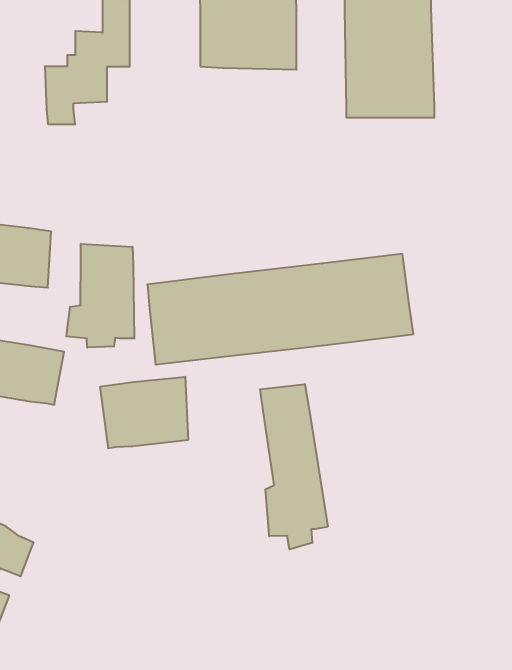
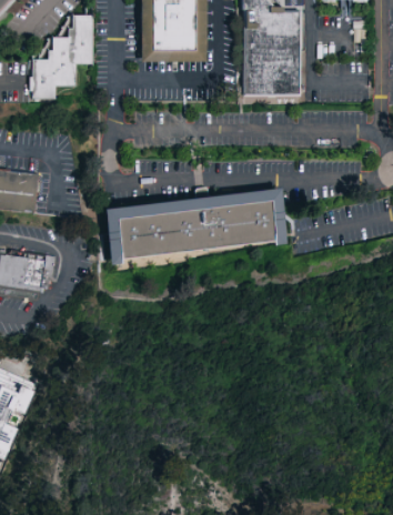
building: [66,244,134,348] -> none
building: [100,377,188,448] -> none
building: [260,384,328,549] -> none

